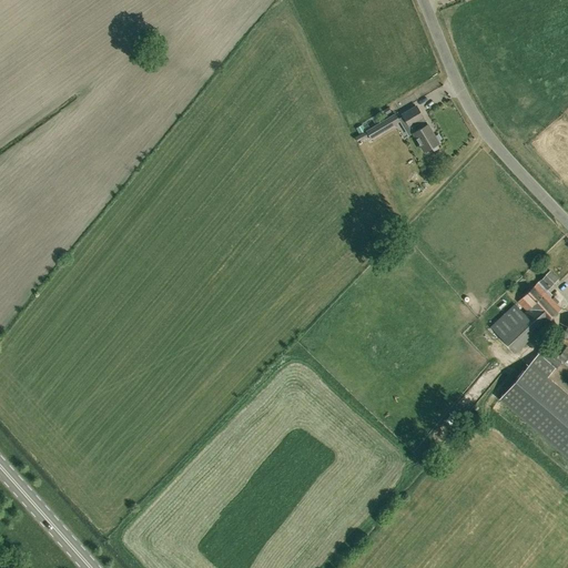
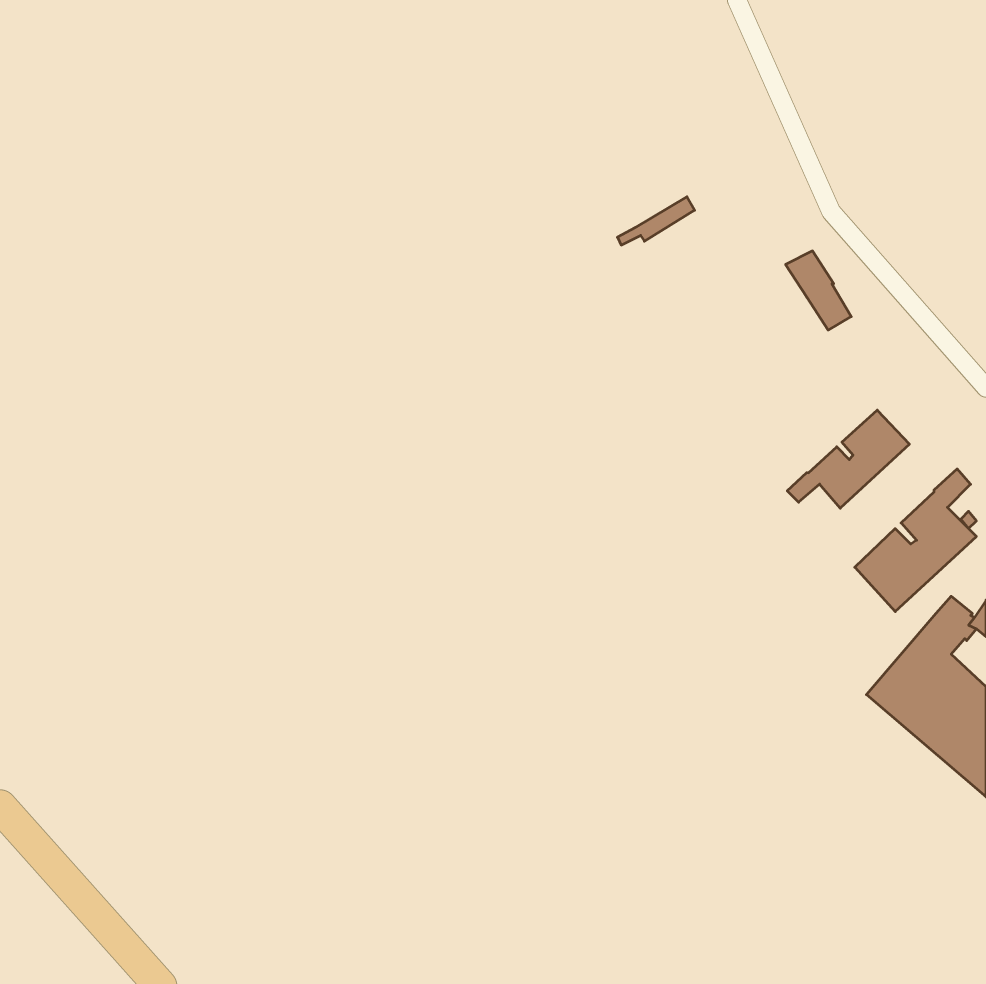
building: [400,106,438,152] -> [786,251,851,330]
building: none -> [787,410,909,508]

